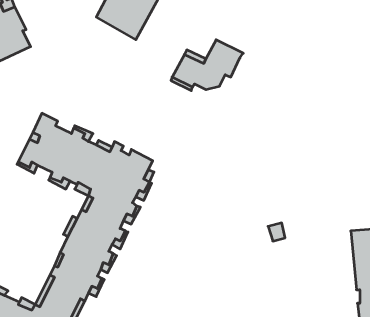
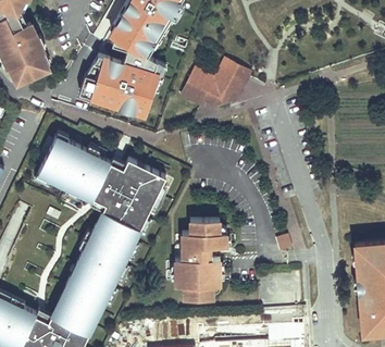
building: none -> [89,55,161,117]
building: none -> [174,221,225,299]

